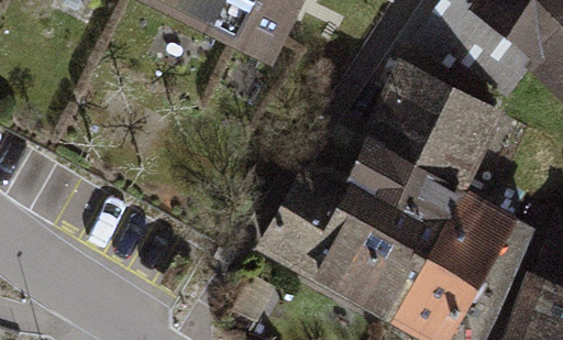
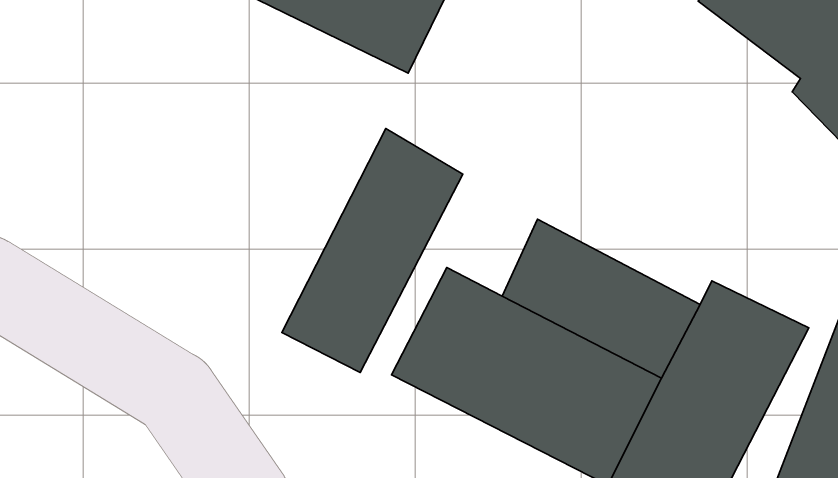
building: [360,73,508,208] -> none
building: none -> [282,129,463,372]

